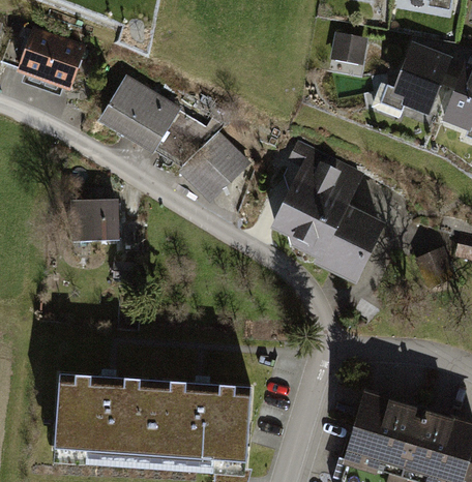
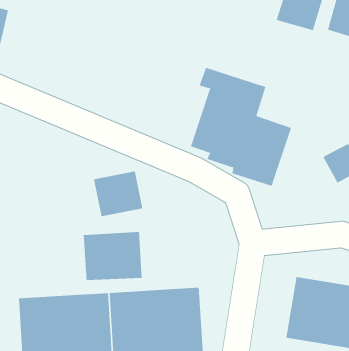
building: [95,74,255,202] -> none
building: [69,199,121,245] -> [93,171,143,217]
building: none -> [83,231,142,281]

